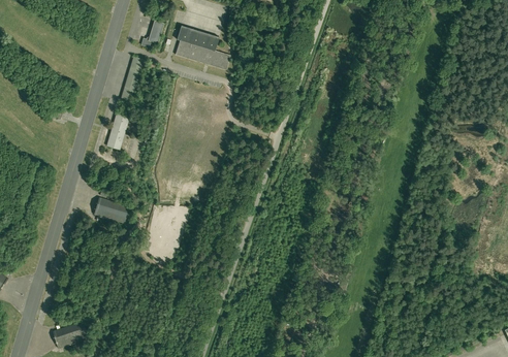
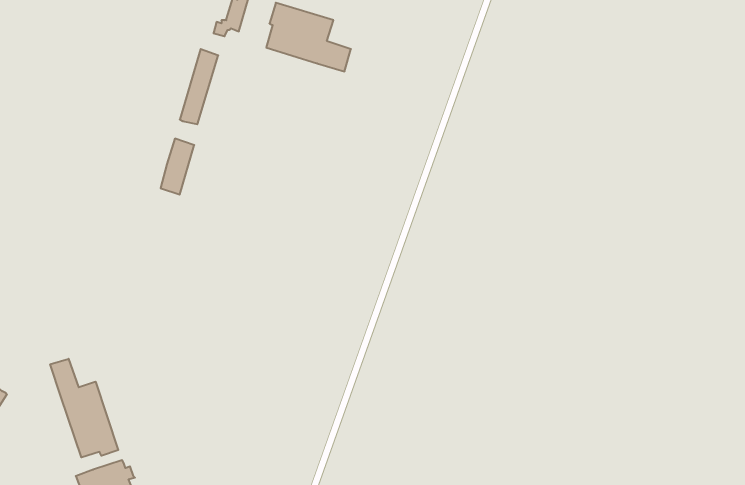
building: [94,196,131,223] -> none
building: none -> [50,359,118,457]

